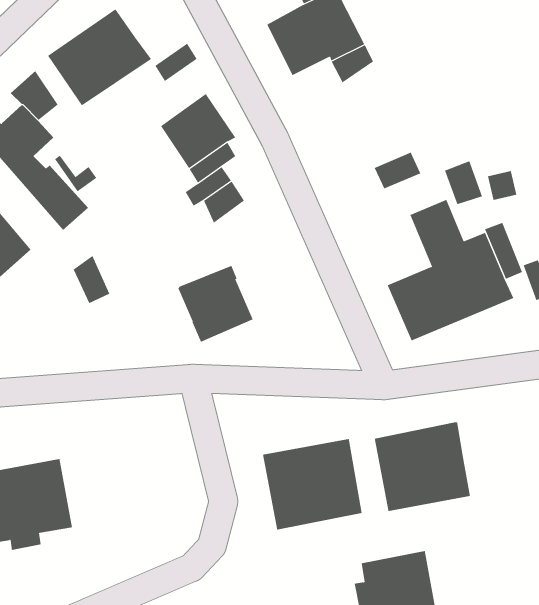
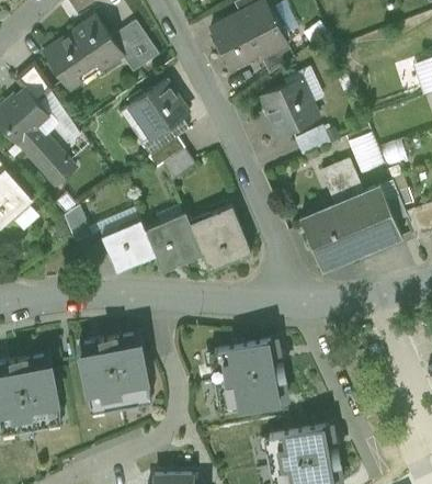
building: none -> [111,21,150,59]
building: none -> [259,77,317,135]
building: none -> [187,205,251,270]
building: none -> [100,220,154,270]
building: [374,421,471,512] -> none
building: none -> [81,336,151,406]

